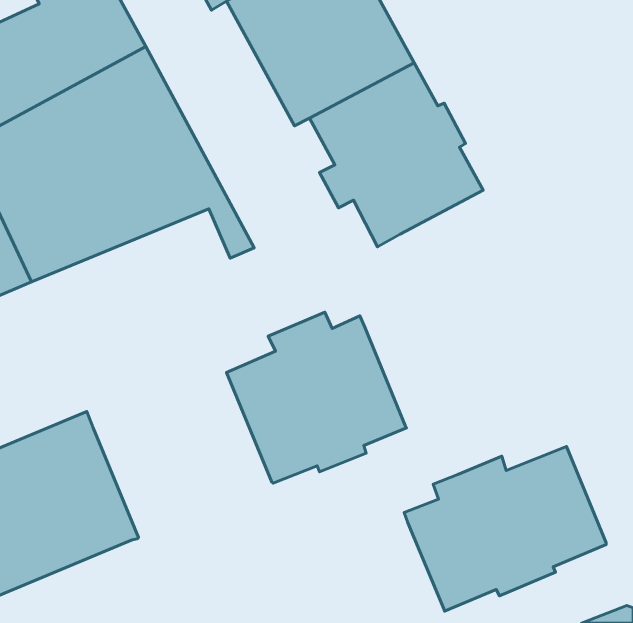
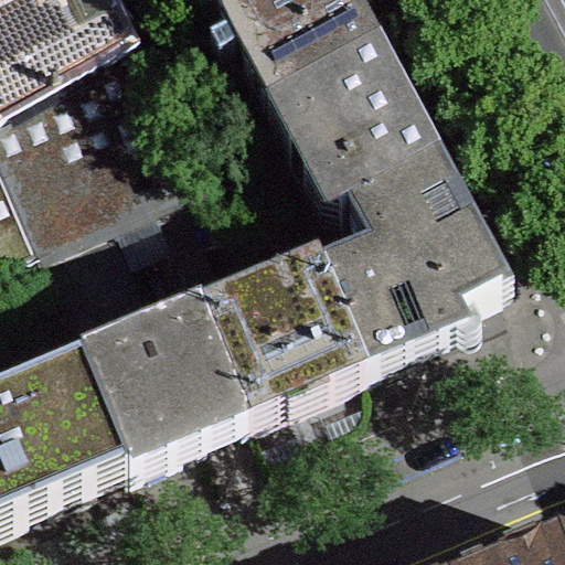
building: none -> [320,167,504,373]
building: none -> [82,312,238,471]
building: [404,447,606,611] -> none

